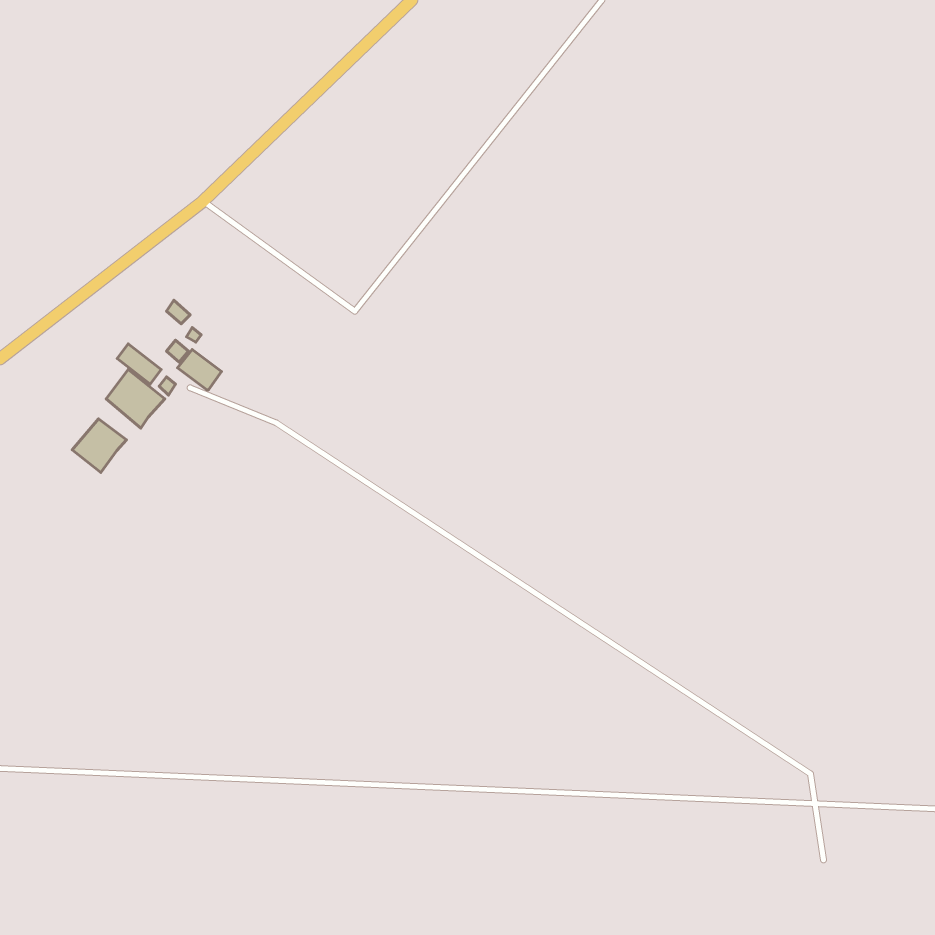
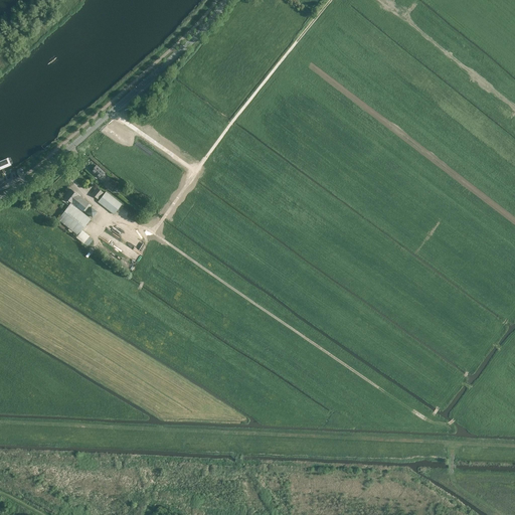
building: [72,419,127,473] -> none

